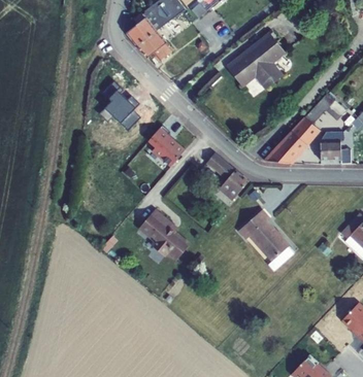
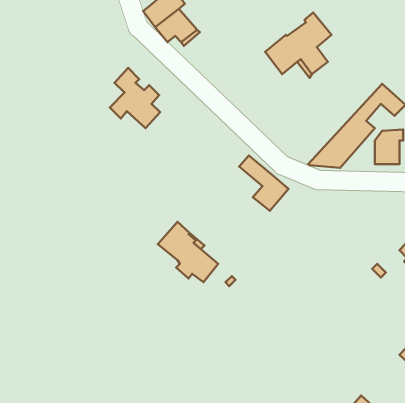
building: [147,125,184,166] -> none
building: [238,210,293,270] -> none

